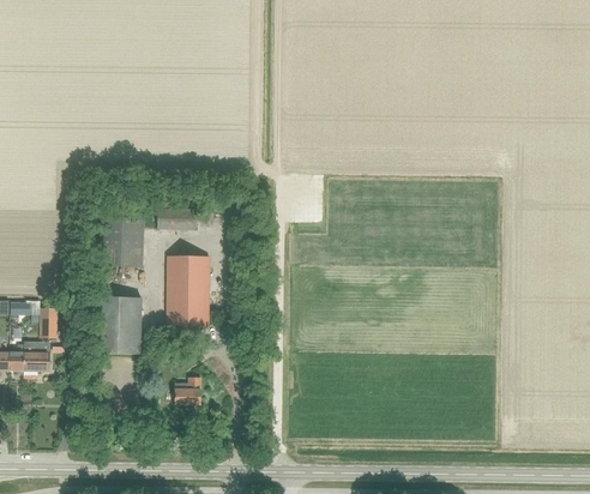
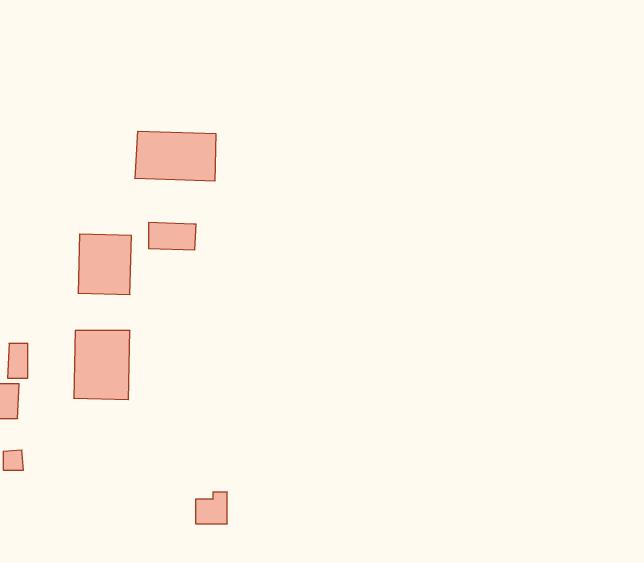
building: none -> [135,131,216,181]
building: [168,257,210,325] -> none
building: [175,378,201,404] -> [196,492,227,524]

